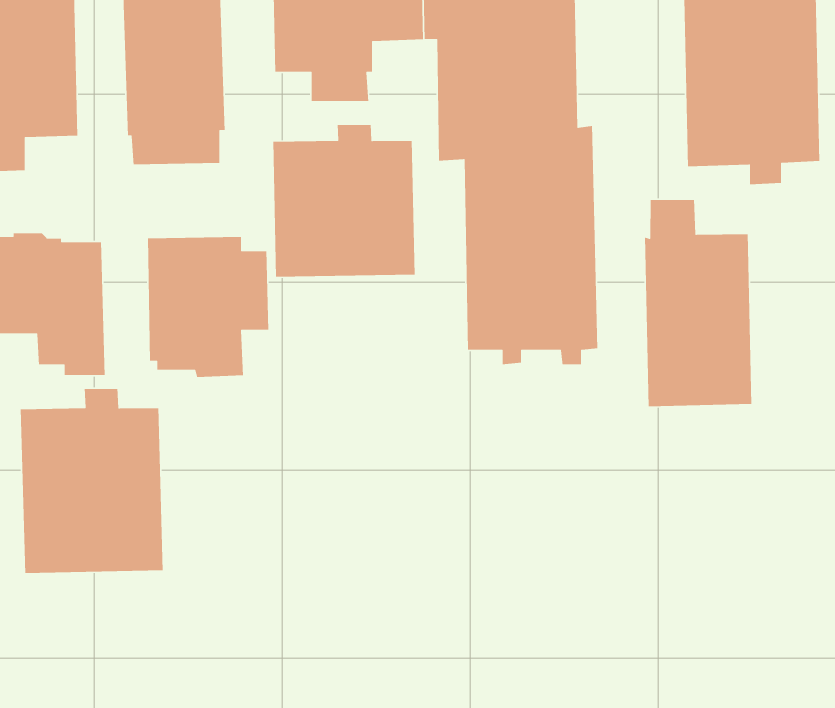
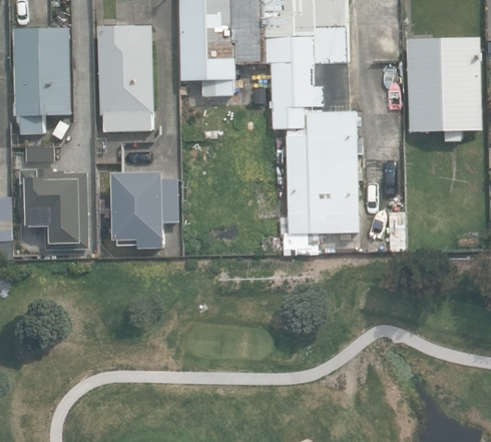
building: [272,124,415,278] -> none
building: [644,199,752,407] -> none
building: [20,388,164,574] -> none

